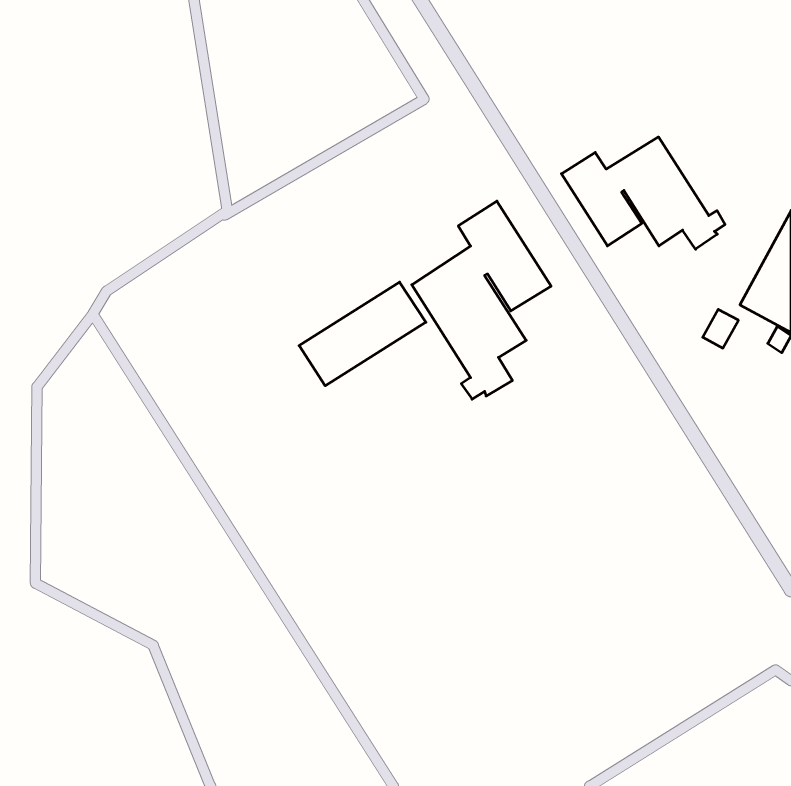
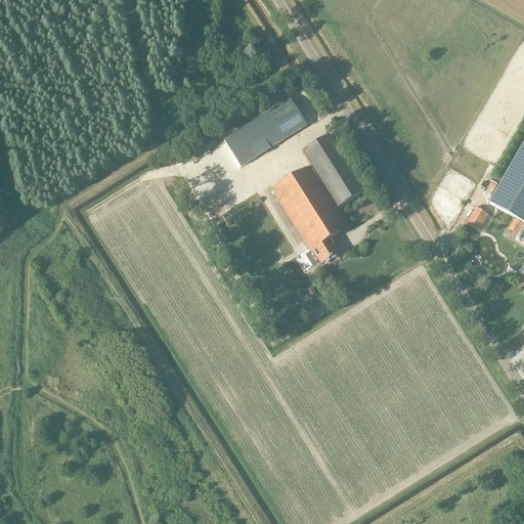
building: [561,137,725,249] -> none
building: [299,282,426,386] -> [223,96,307,165]

